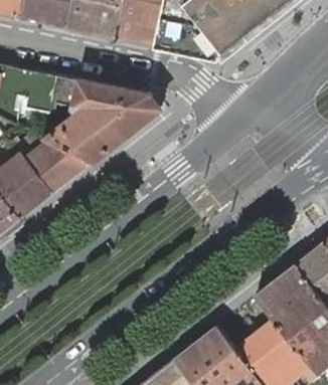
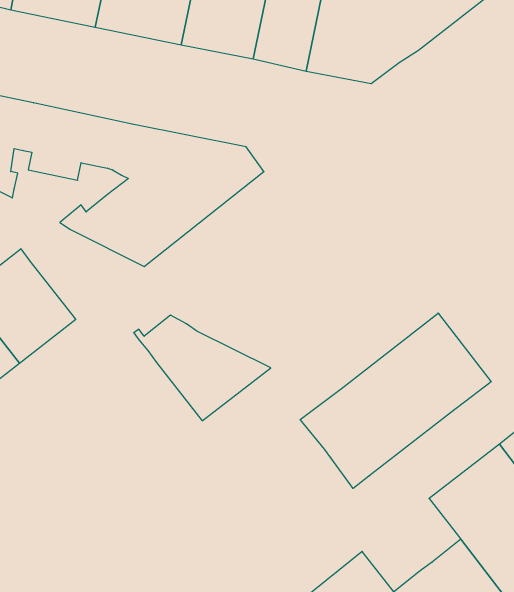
building: [14,133,93,193] -> [134,315,271,421]
building: none -> [300,313,491,488]

